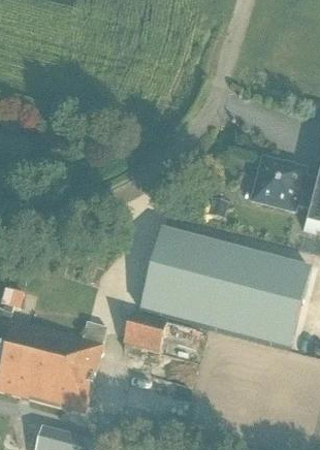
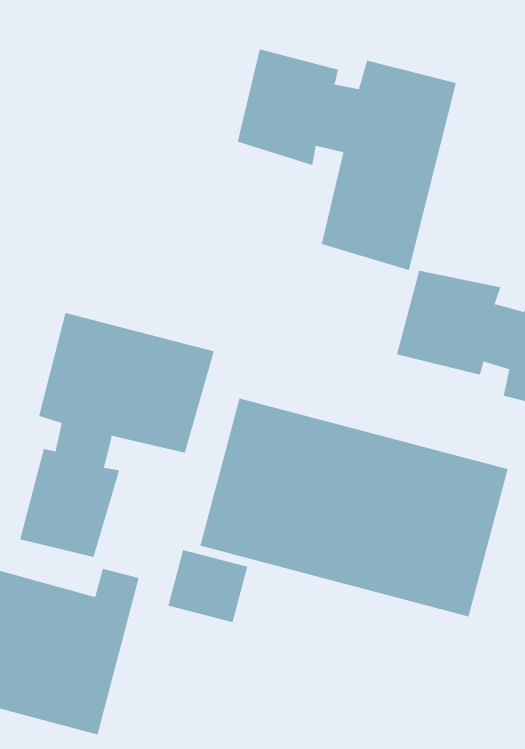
building: none -> [237,49,457,271]
building: none -> [19,312,215,558]

